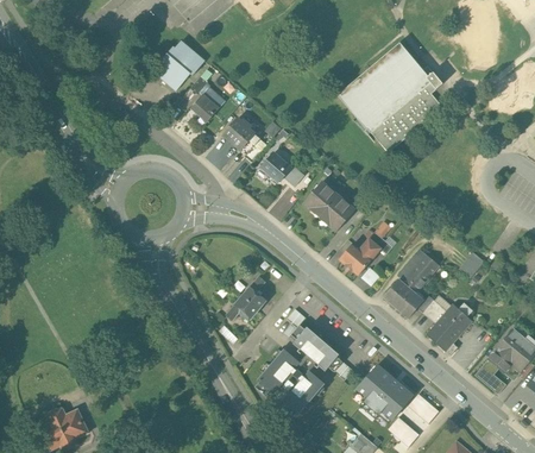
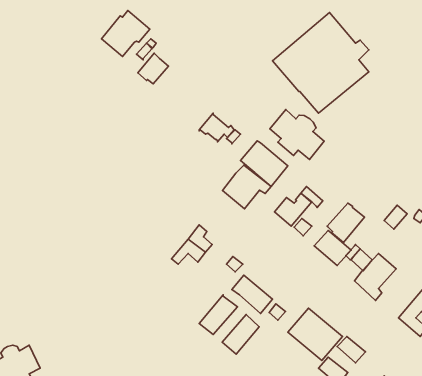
building: [222,119,260,155] -> none
building: none -> [270,109,324,160]
building: none -> [223,165,271,209]

